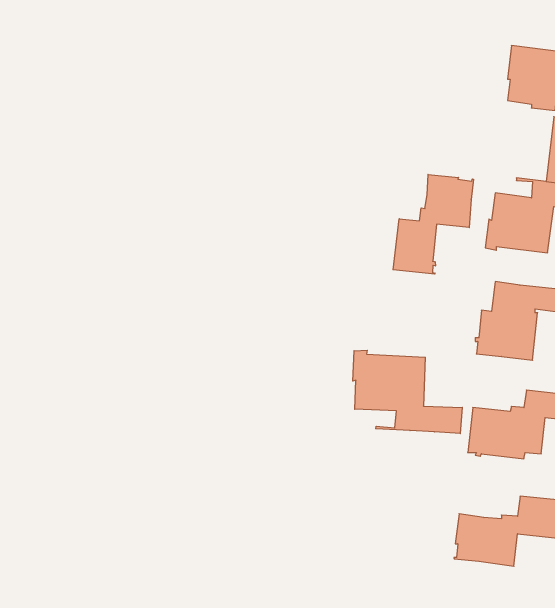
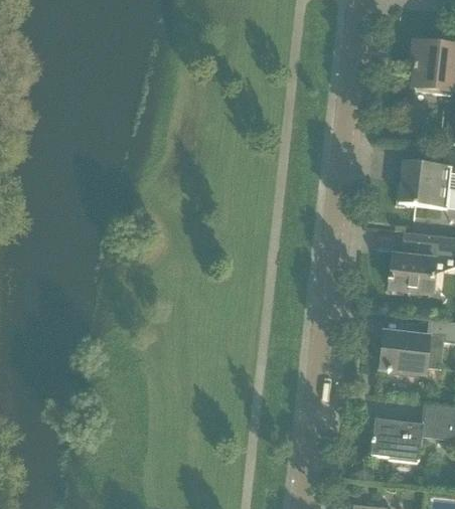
building: [393,174,473,274] -> none
building: [353,350,462,434] -> none

